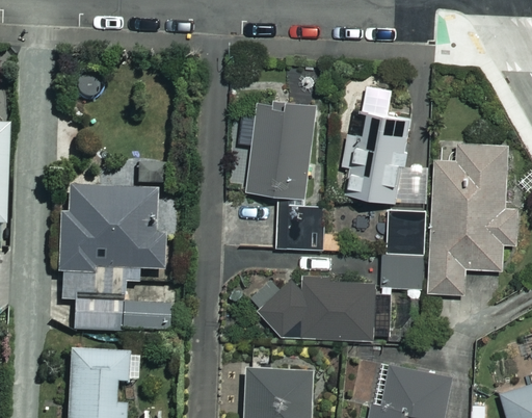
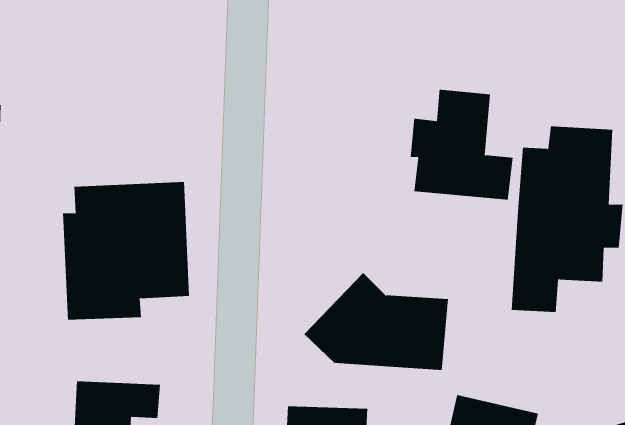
building: [240,101,315,199] -> none
building: [276,206,317,249] -> none
building: [382,209,432,293] -> none
building: [74,303,169,333] -> none

